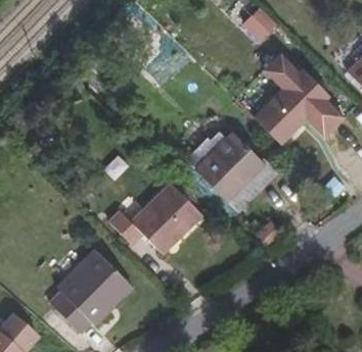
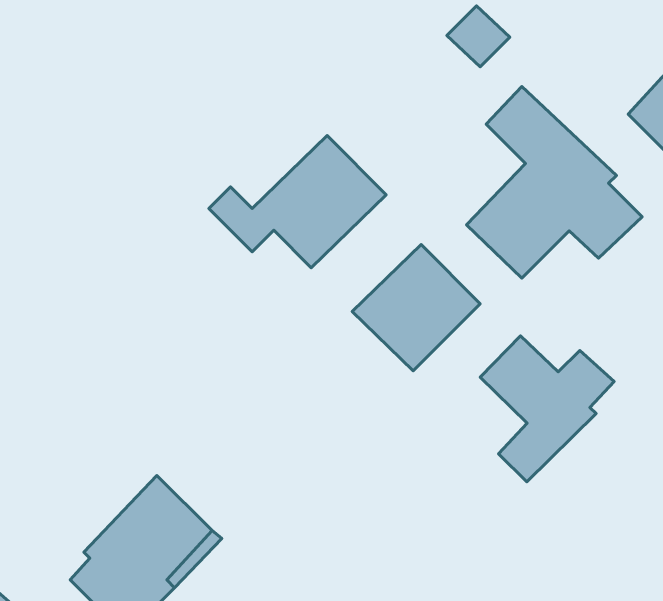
building: none -> [480,336,614,482]
building: [109,185,201,253] -> [209,136,386,268]

